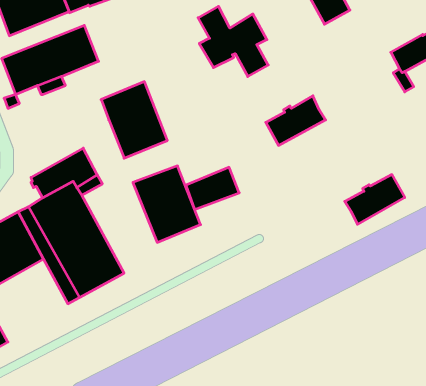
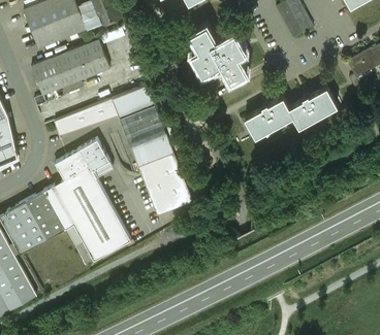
building: none -> [53,100,117,137]
building: [186,167,239,209] -> [129,133,172,167]
building: [345,175,405,224] -> [287,87,336,127]

